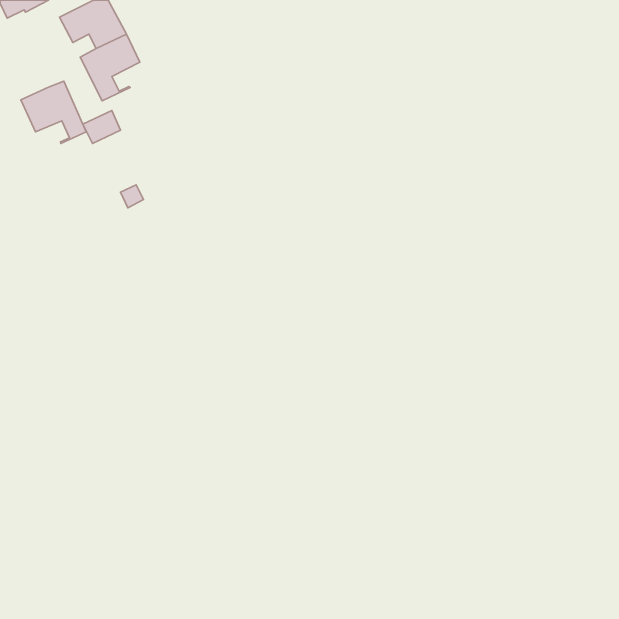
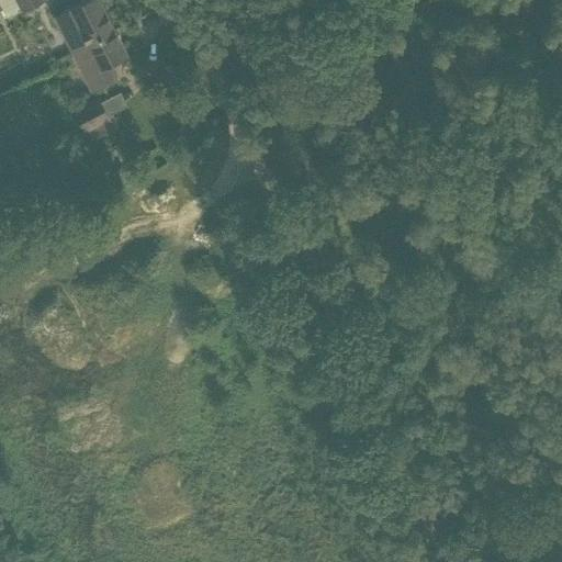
building: [21,81,86,144] -> none

